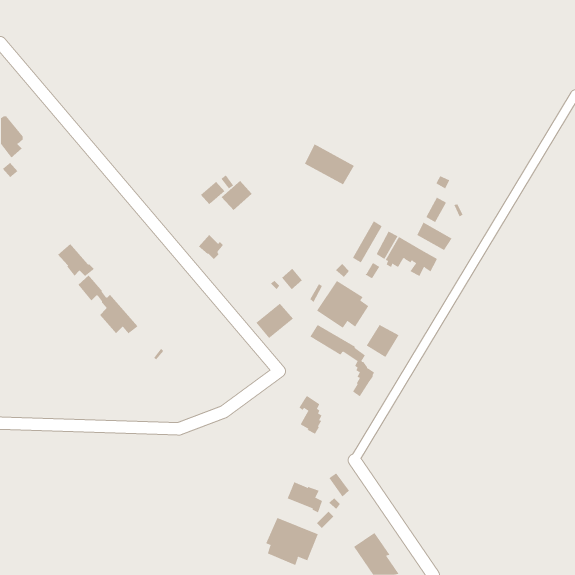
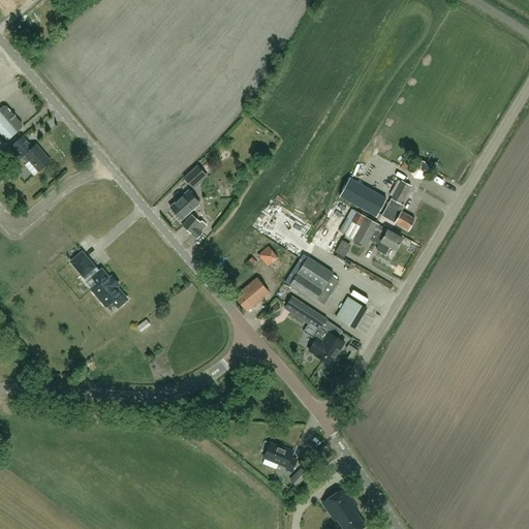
building: [304,143,355,185] -> [340,178,386,216]
building: none -> [10,136,50,176]
building: [221,180,252,211] -> [170,191,199,219]
building: [57,243,95,277] -> none
building: [299,395,322,434] -> [308,323,330,360]
building: [265,517,318,566] -> none

